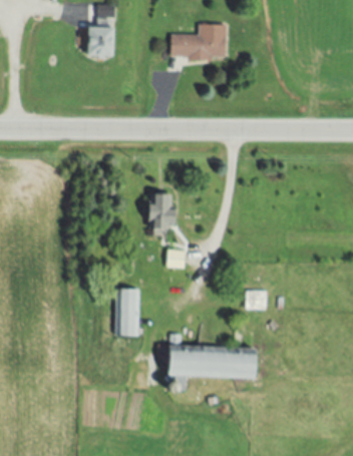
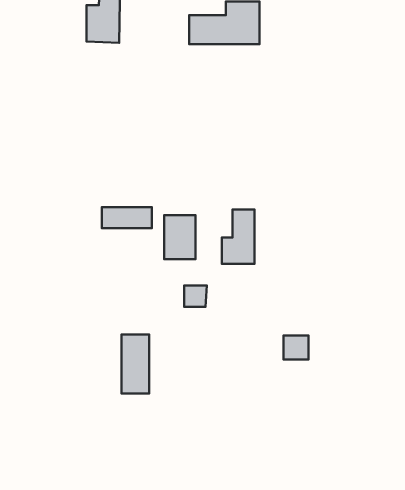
building: none -> [102,207,152,228]
building: none -> [222,210,254,264]
building: [158,345,260,379] -> none

